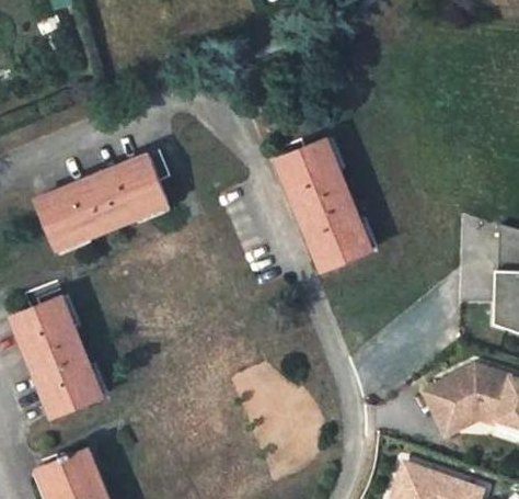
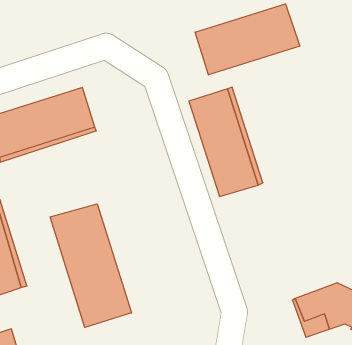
building: none -> [195,4,300,75]
building: none -> [50,204,132,327]

